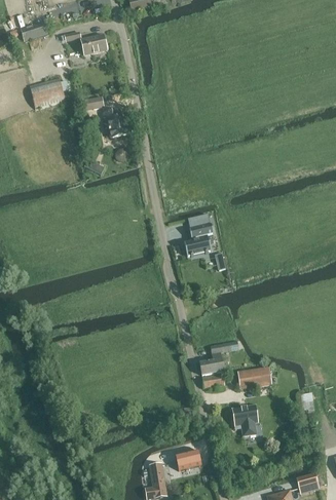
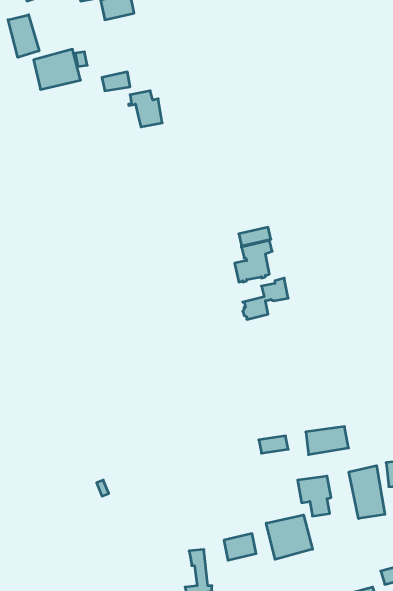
building: none -> [8,15,39,57]
building: [200,341,238,376] -> none
building: none -> [349,466,385,519]
building: none -> [266,515,313,559]

